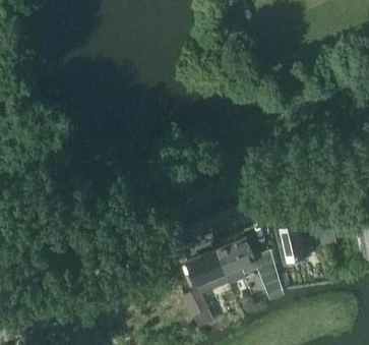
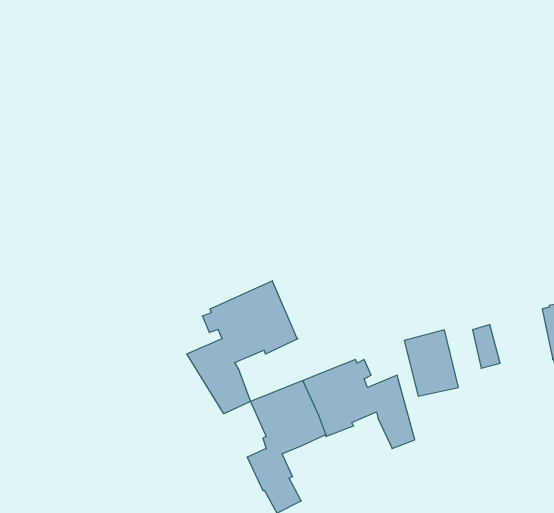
building: none -> [187,281,298,414]

